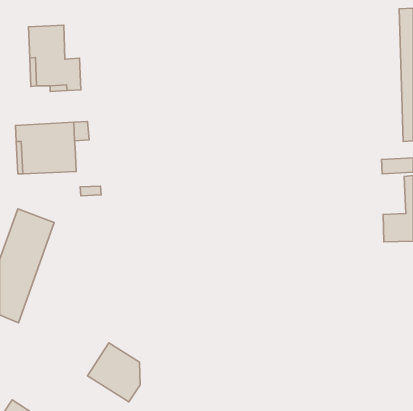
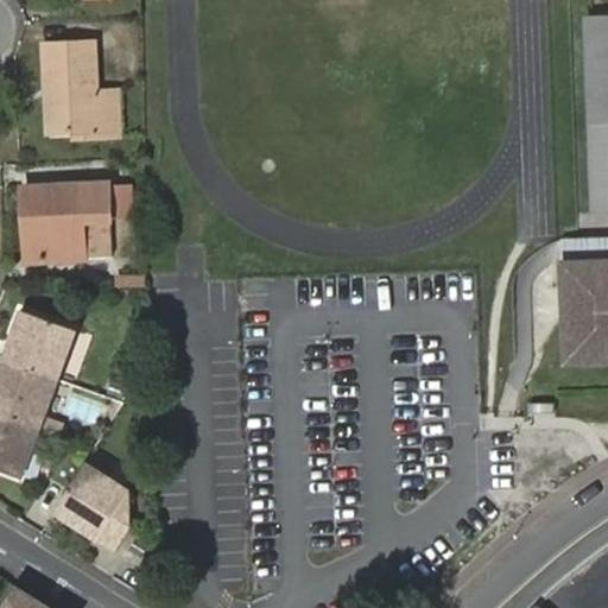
building: none -> [560,262,595,318]
building: [88,343,140,402] -> [48,462,125,549]

